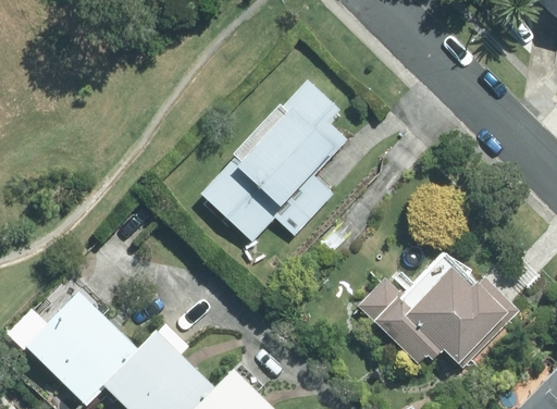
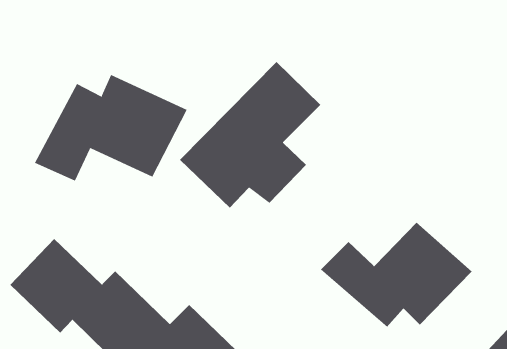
building: none -> [34,74,187,182]

